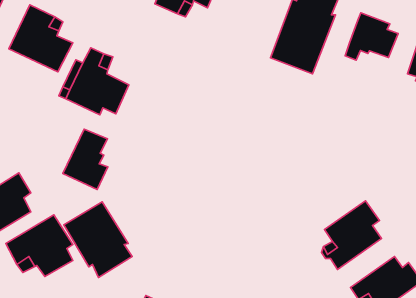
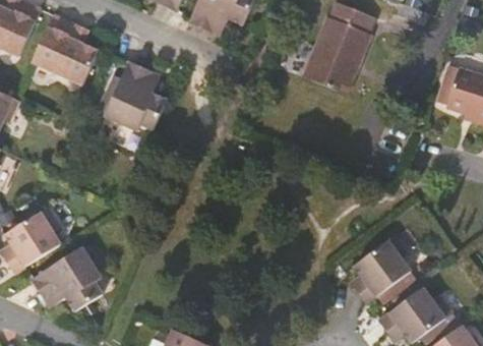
building: [345,13,398,60] -> none
building: [63,129,108,190] -> none
building: [64,202,132,278] -> none

